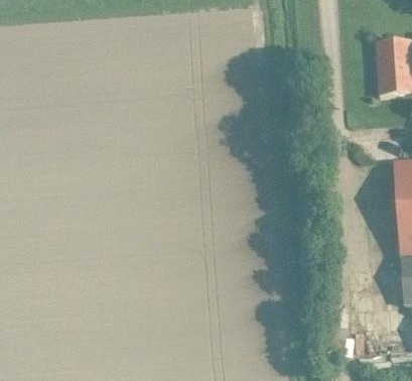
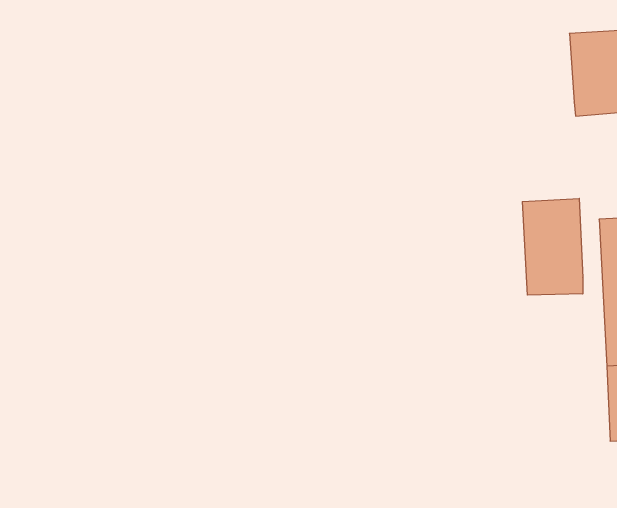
building: none -> [522,198,583,295]

